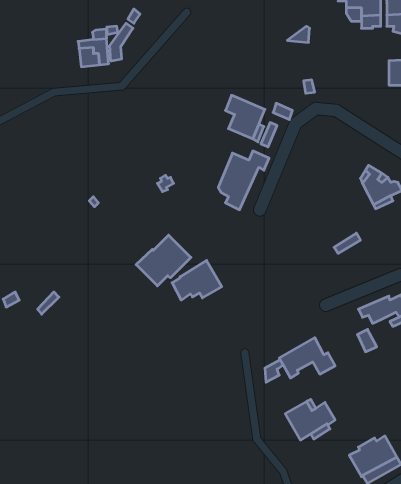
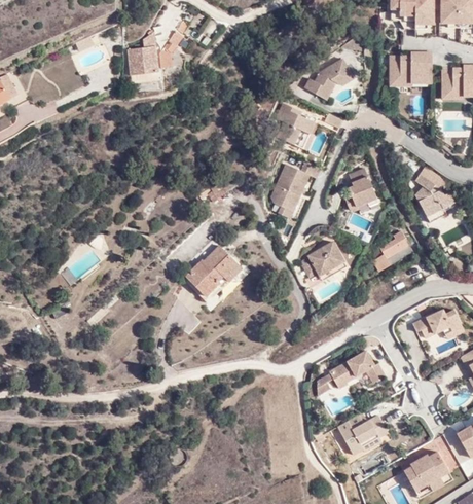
building: none -> [389,52,432,83]
building: none -> [303,57,354,100]
building: none -> [342,166,377,212]
building: none -> [373,231,409,272]
building: [172,260,222,300] -> [299,237,350,277]

